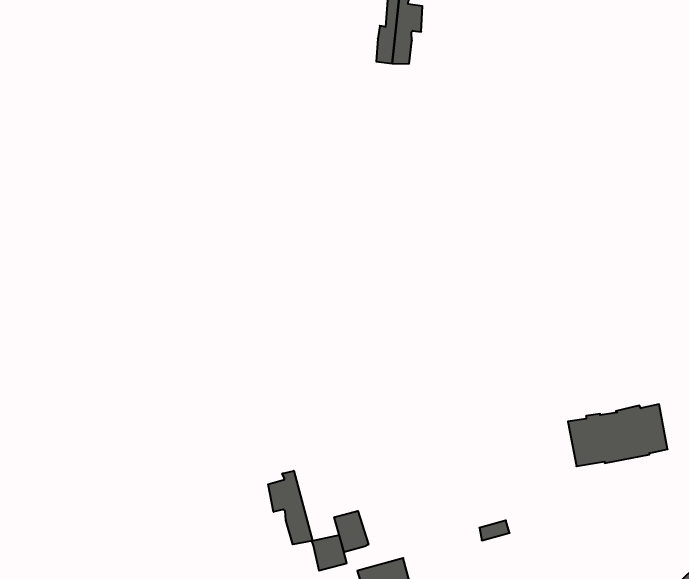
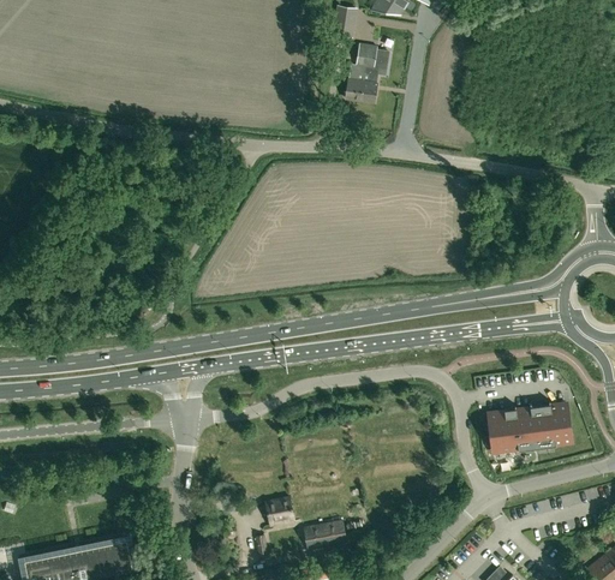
building: [268,471,312,544] -> none
building: [334,511,368,552] -> none

